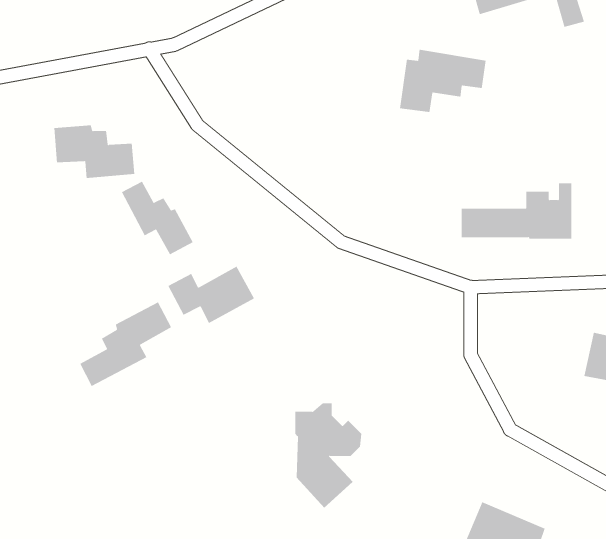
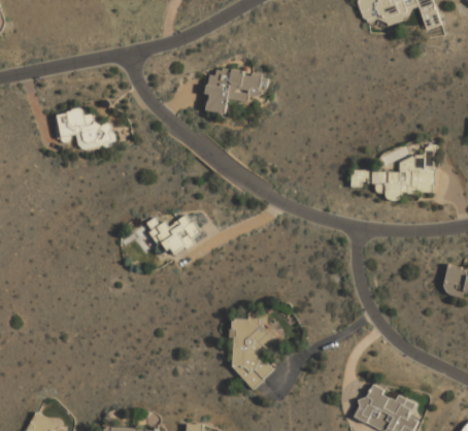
building: [399,49,487,113] -> [203,67,267,113]
building: [121,181,194,255] -> none
building: [80,301,172,387] -> none

